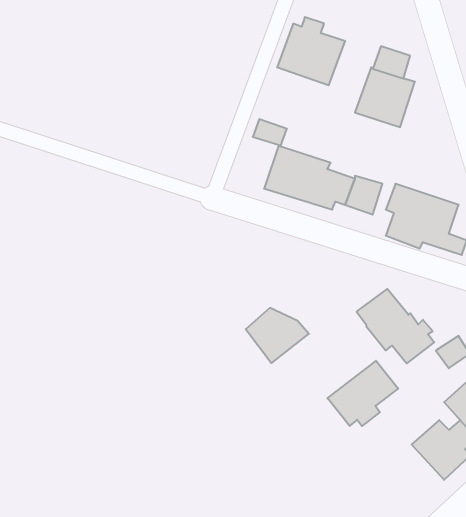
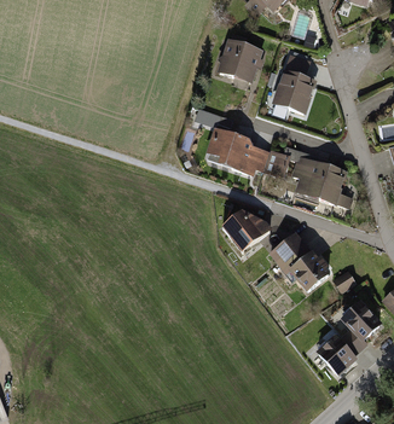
building: [246,308,309,363] -> [224,211,271,252]
building: [327,361,398,426] -> none

